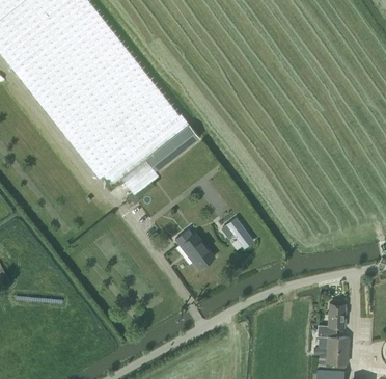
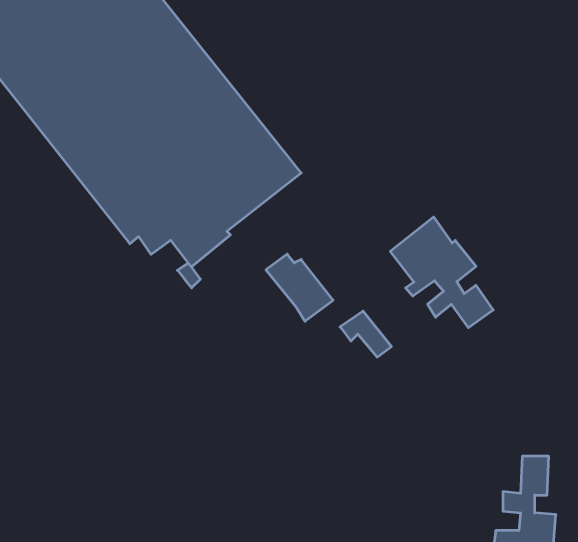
building: none -> [390,217,493,328]
building: [175,229,215,269] -> [266,254,333,321]

